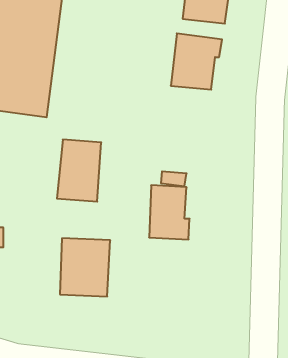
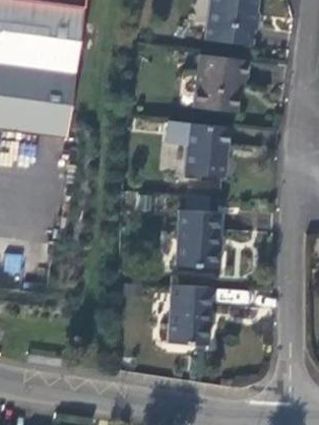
building: [57,140,101,202] -> [174,121,219,185]
building: [60,238,110,296] -> [170,284,221,344]

